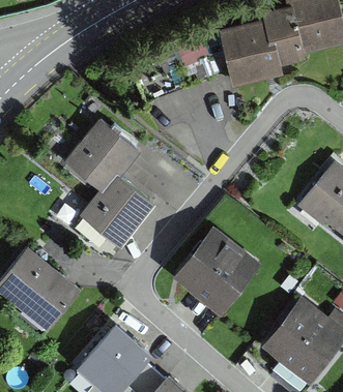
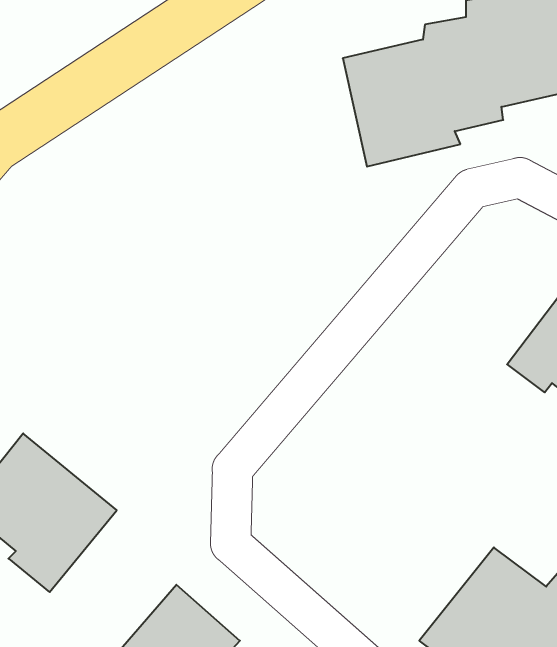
building: [64,117,160,248] -> none
building: [163,234,252,323] -> none

